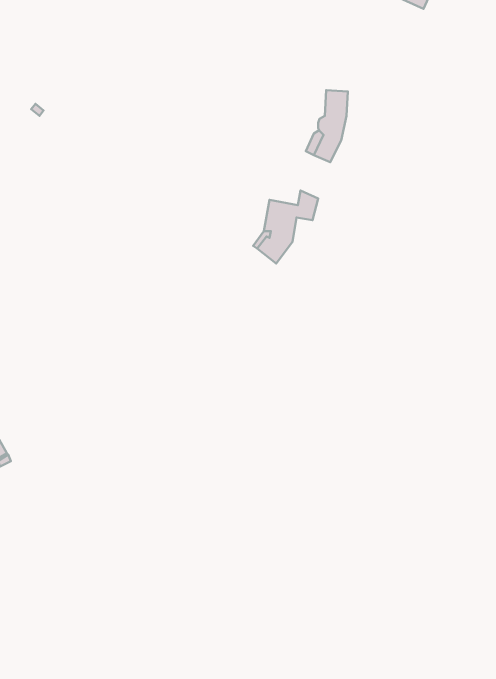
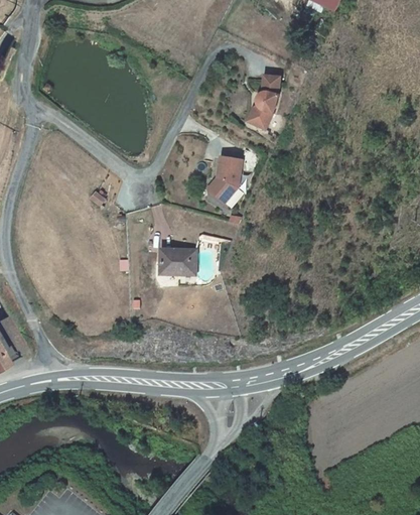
building: none -> [161,253,194,273]

